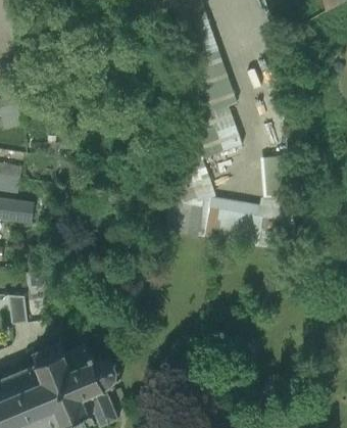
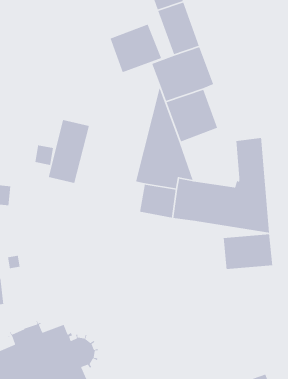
building: none -> [110,24,162,73]
building: none -> [48,119,90,184]
building: none -> [223,234,273,270]

